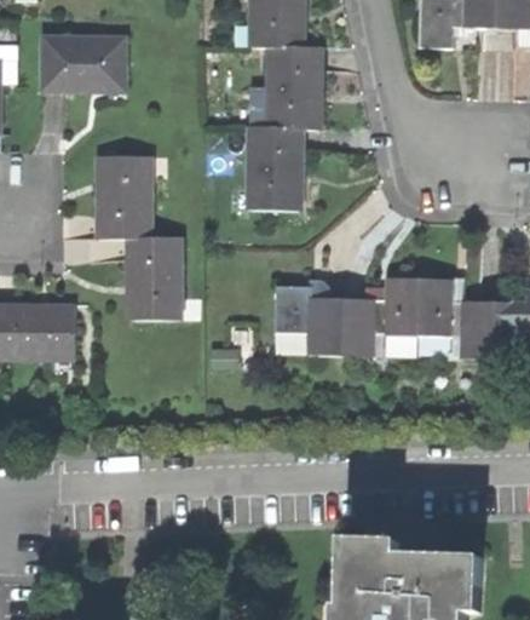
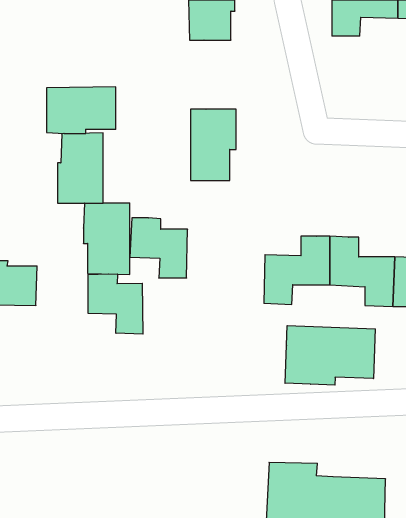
building: [36,35,117,90] -> [47,87,116,133]
building: [269,47,324,128] -> none
building: [272,286,340,356] -> [130,218,188,278]
building: none -> [88,274,143,334]
building: none -> [285,326,375,385]

